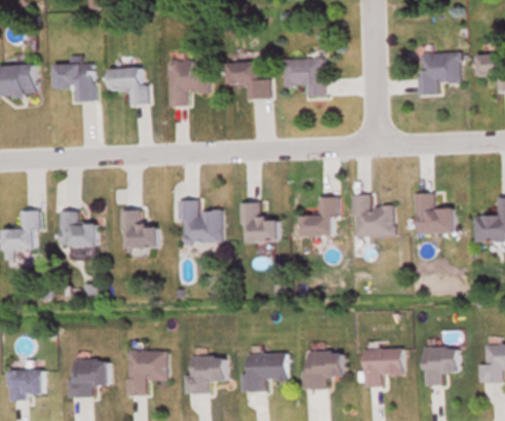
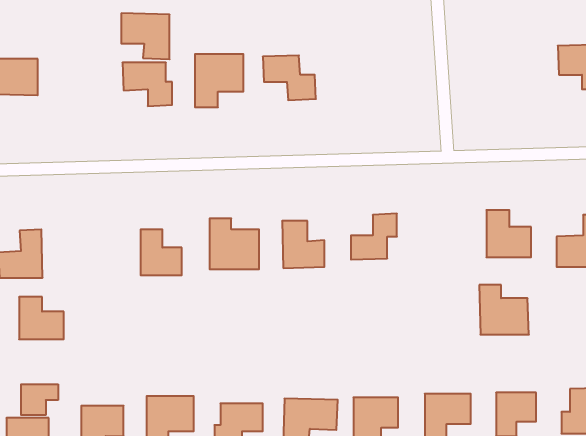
building: [419,52,461,94] -> none
building: [283,59,325,99] -> none
building: [52,63,93,102] -> [121,13,170,59]
building: [353,194,395,236] -> [479,285,529,335]
building: [60,210,98,246] -> [19,297,64,339]
building: none -> [21,384,58,415]

